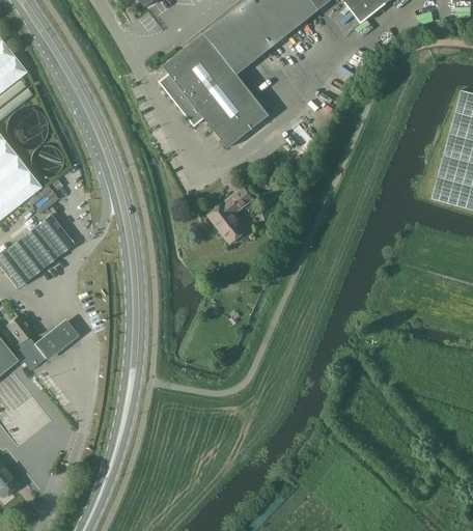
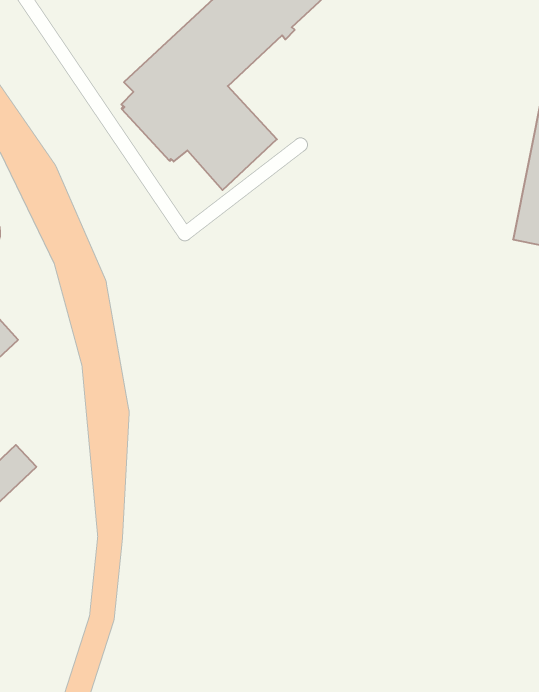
building: [211,187,252,242] -> none

